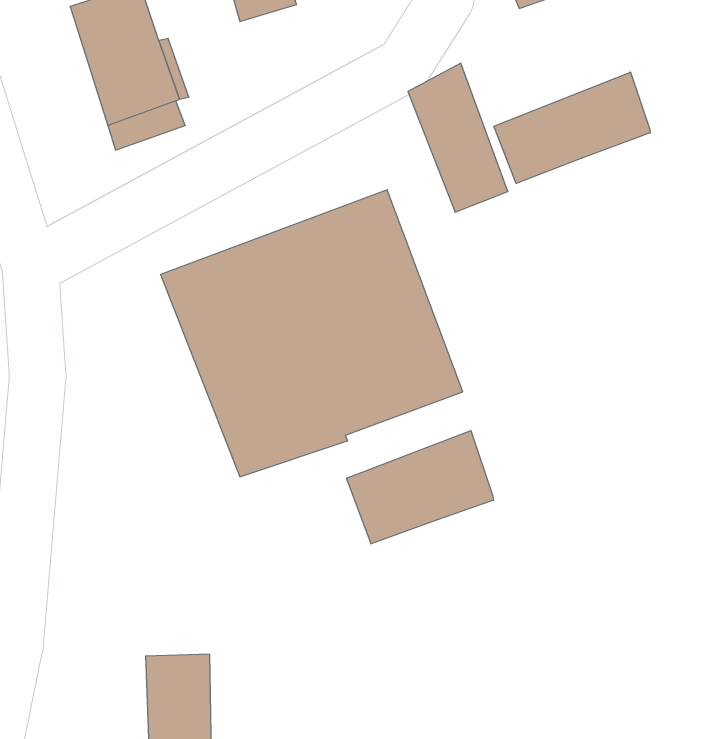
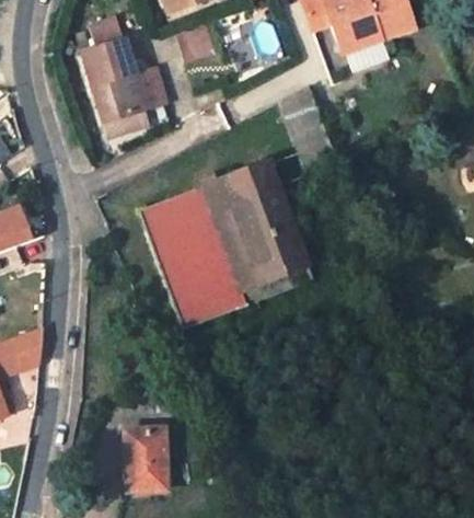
building: [494,72,650,183] -> none
building: [346,431,494,544] -> none

